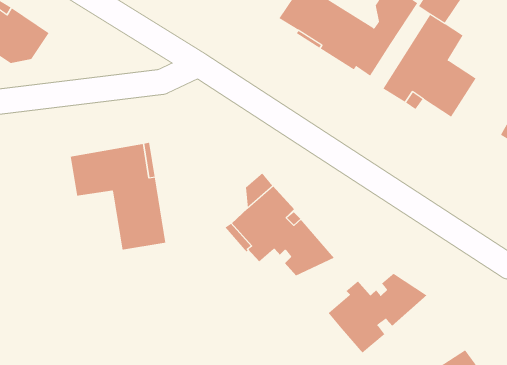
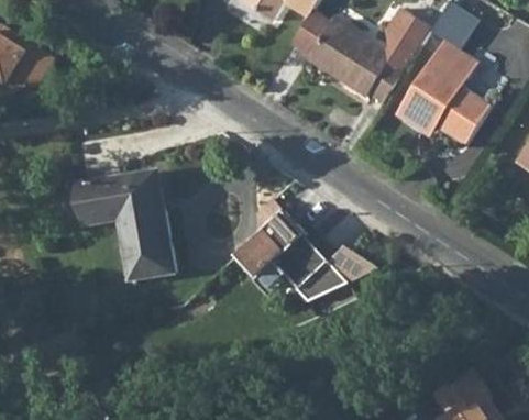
building: none -> [327,251,377,287]
building: [328,273,428,353] -> none

